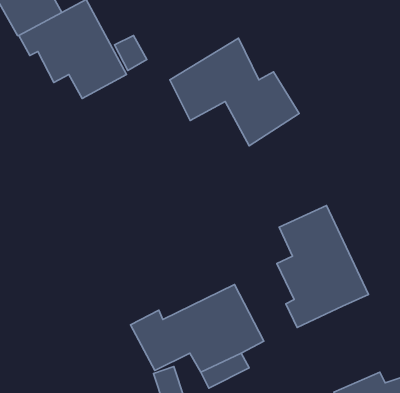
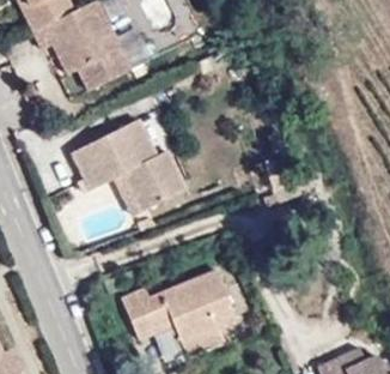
building: [170,38,299,146] -> [74,114,189,210]
building: [277,205,368,328] -> none

